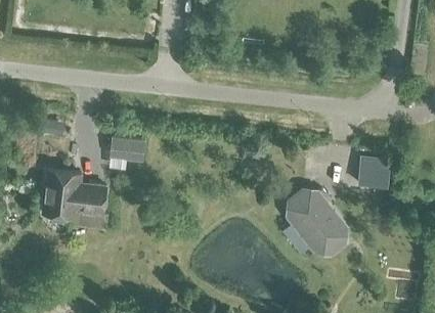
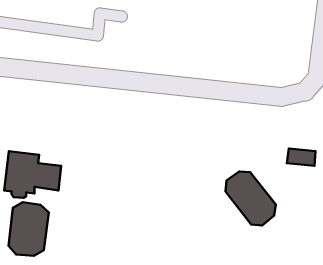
building: [110,137,144,156] -> none
building: none -> [9,202,49,256]

